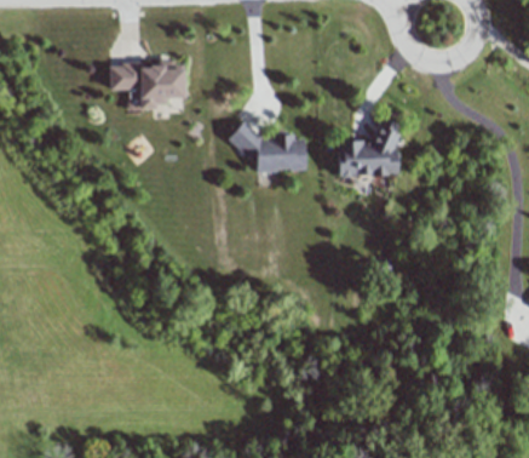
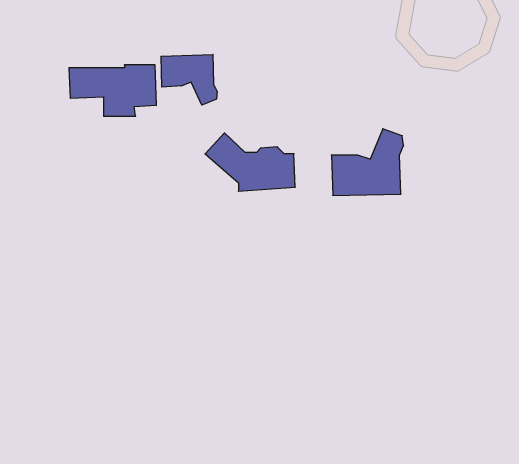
building: none -> [161,54,217,105]

